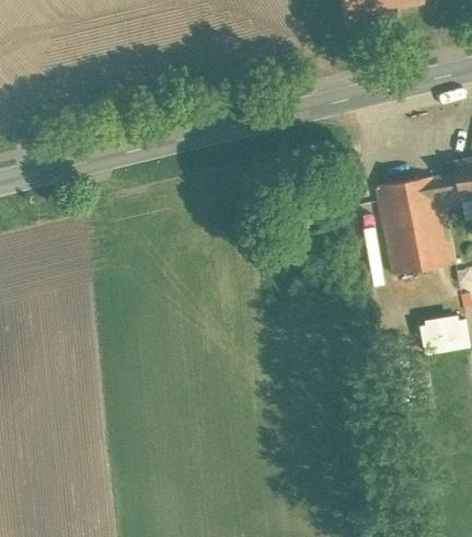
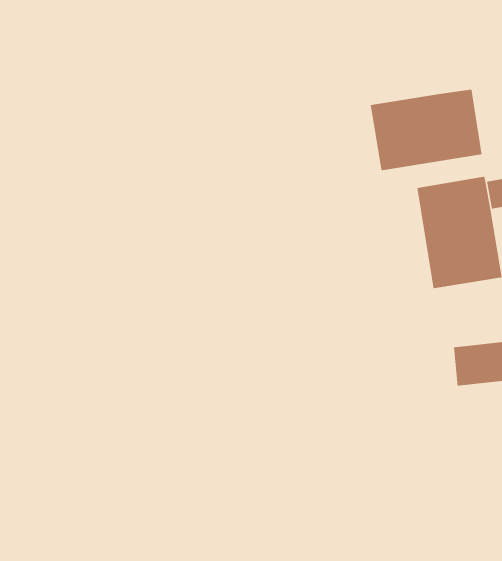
building: none -> [370,89,482,171]

